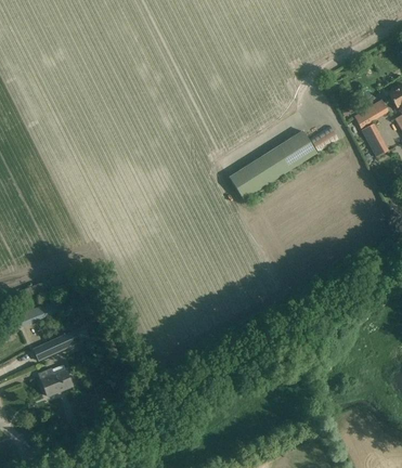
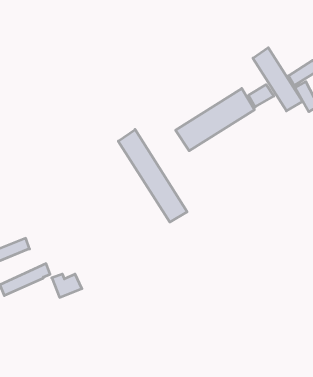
building: none -> [253,48,302,111]
building: none -> [118,129,187,222]
building: [39,369,73,395] -> [52,274,82,297]

